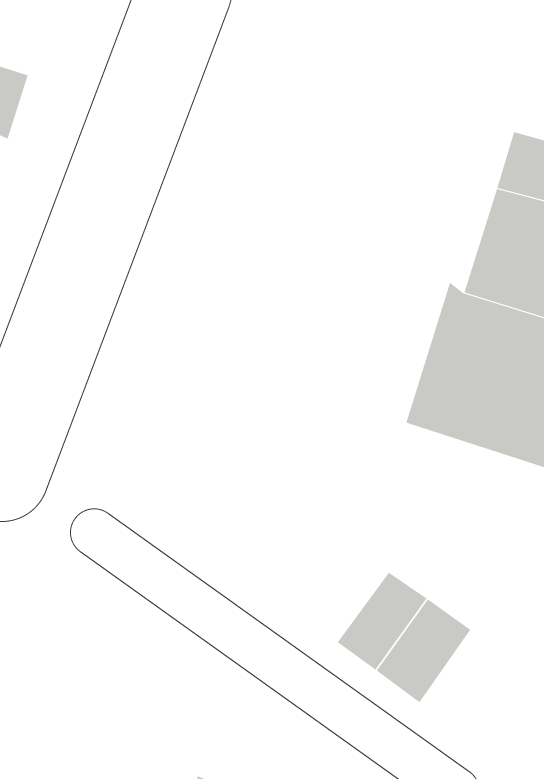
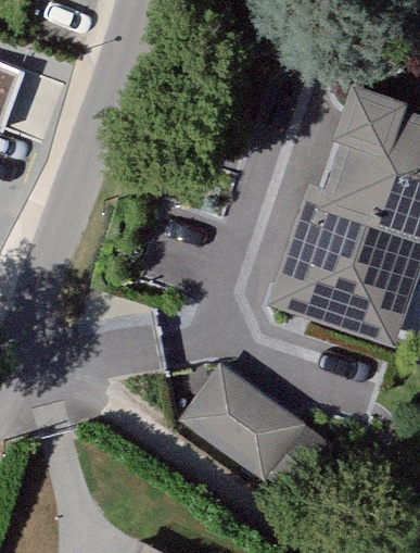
building: none -> [178,359,277,456]

